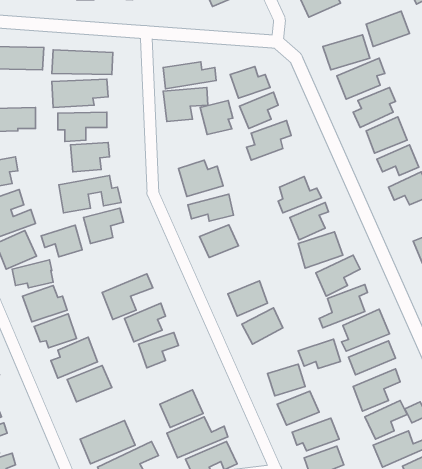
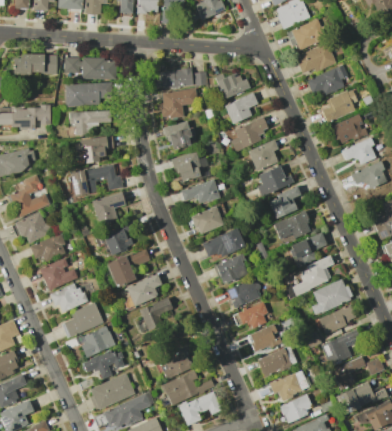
building: [366,11,409,46] -> [288,20,325,50]
building: [200,101,233,135] -> [164,121,192,150]
building: none -> [248,139,278,170]
building: [41,225,82,257] -> [95,227,130,254]
building: none -> [201,229,244,260]
building: [298,339,340,368] -> [232,303,268,328]
building: none -> [82,350,125,379]

